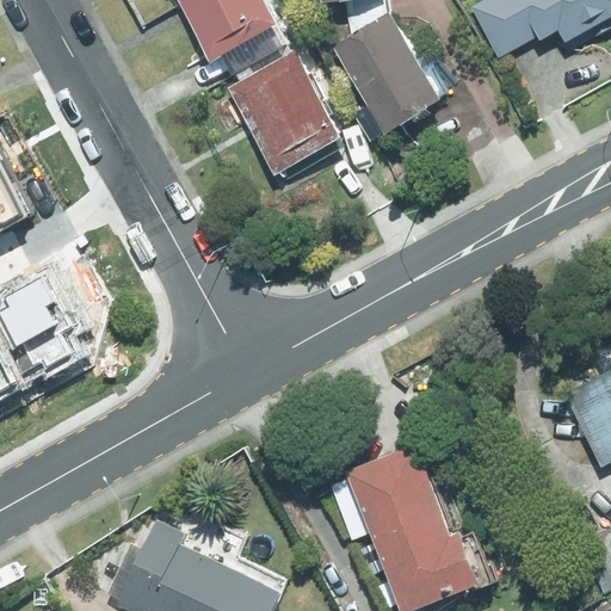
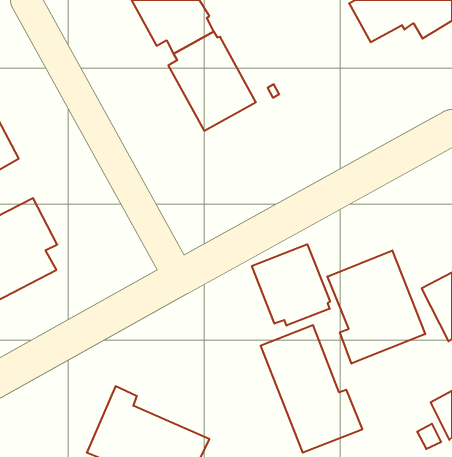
building: [329,11,442,135] -> none
building: none -> [252,244,330,326]
building: none -> [327,250,425,364]

